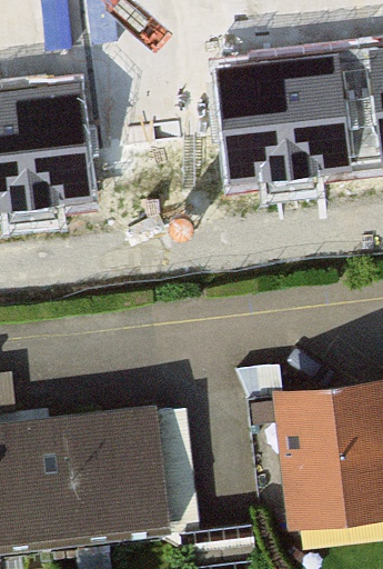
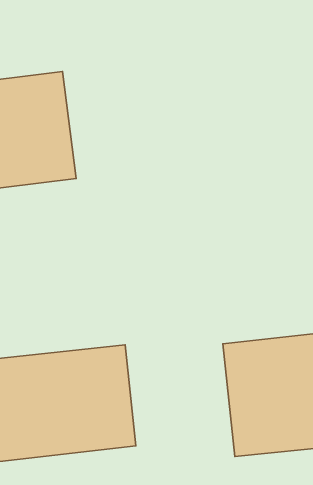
building: [218,54,357,191] -> none

